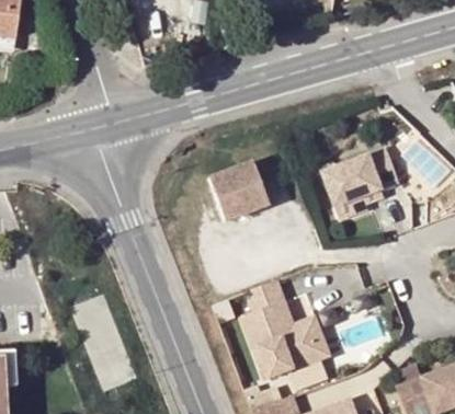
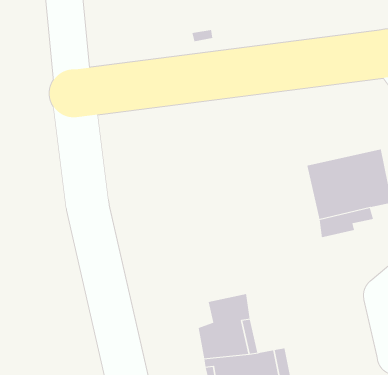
building: [208,158,269,218] -> none

